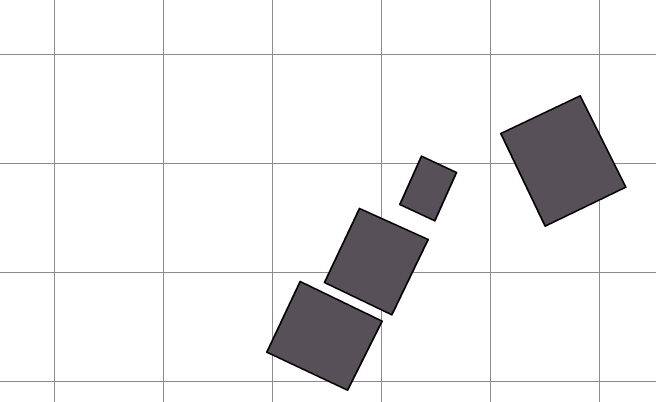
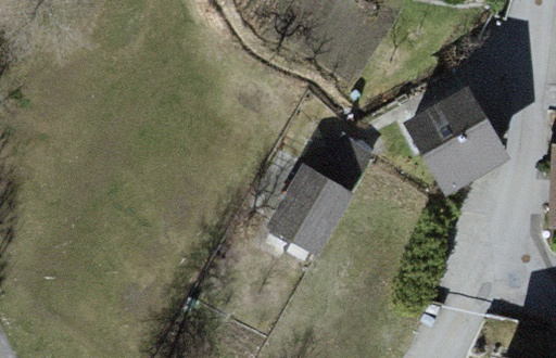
building: [267,282,382,390] -> none

